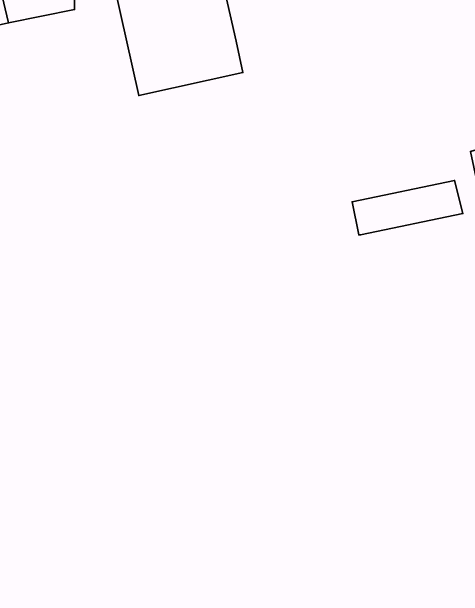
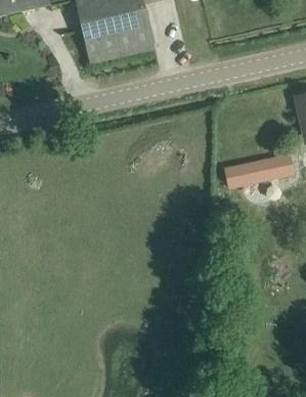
building: [352,180,463,235] -> [224,153,293,187]

